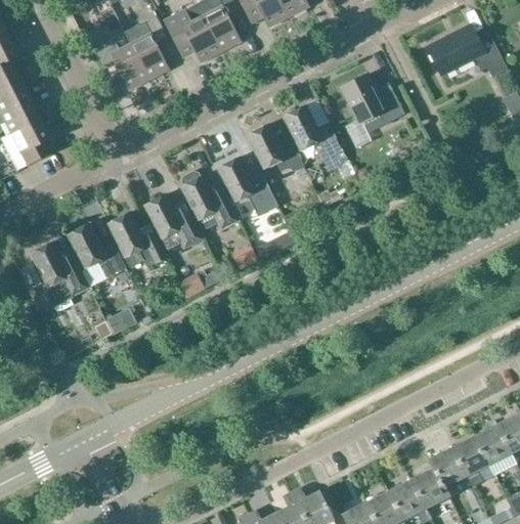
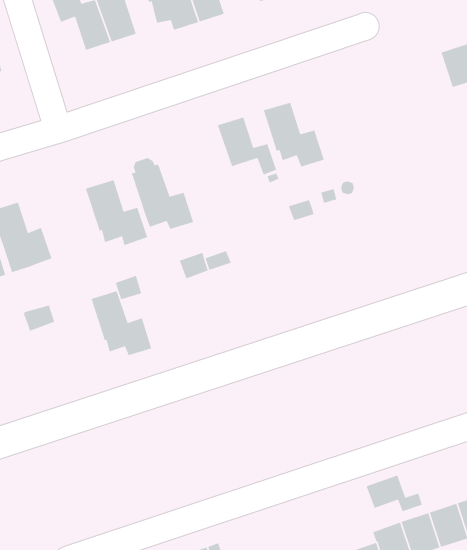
building: [340,76,402,132] -> none
building: [216,159,276,215] -> none
building: [106,214,165,268] -> [90,290,152,356]
building: none -> [365,475,423,512]

